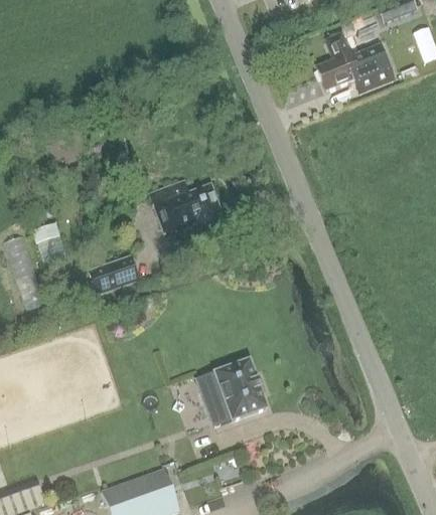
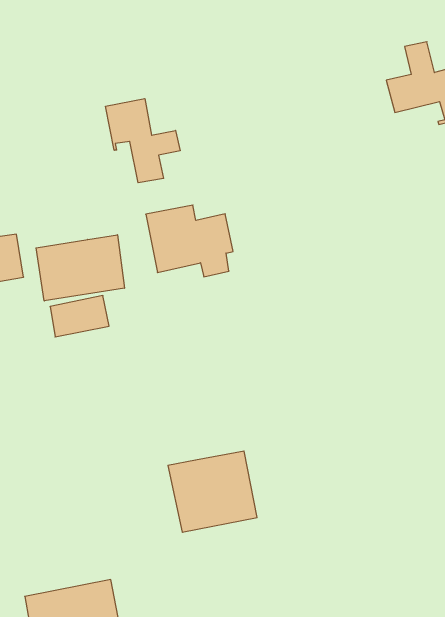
building: none -> [106,99,180,183]
building: none -> [36,235,124,301]

